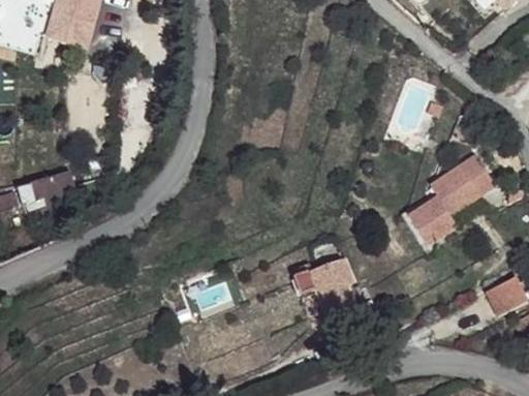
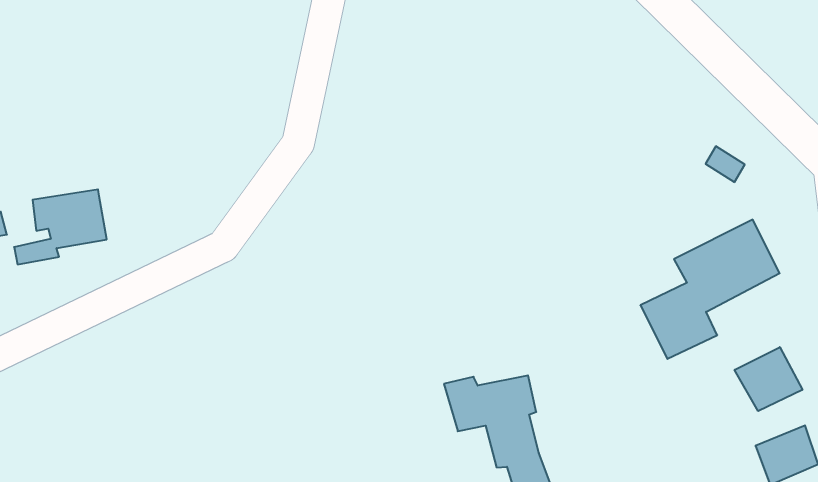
building: none -> [735,347,802,411]

